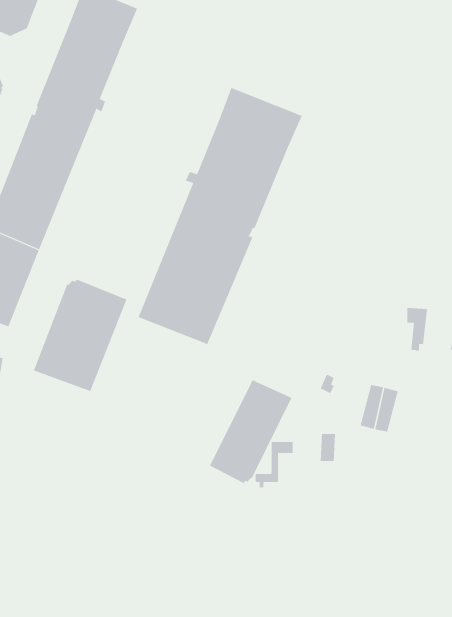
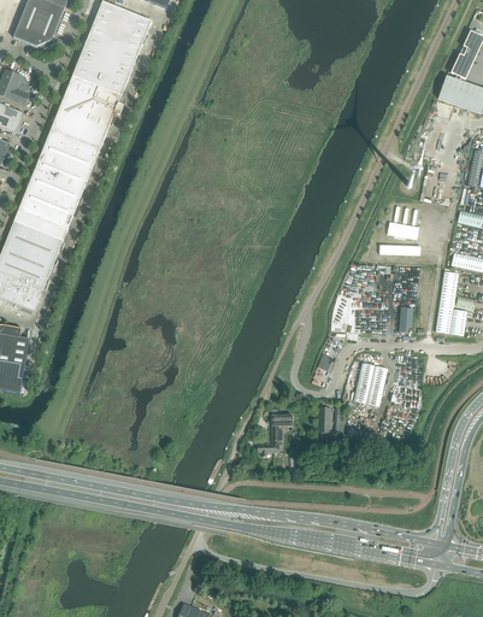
building: [138,87,302,345] -> none
building: [33,279,127,392] -> none
building: [209,379,292,484] -> none

